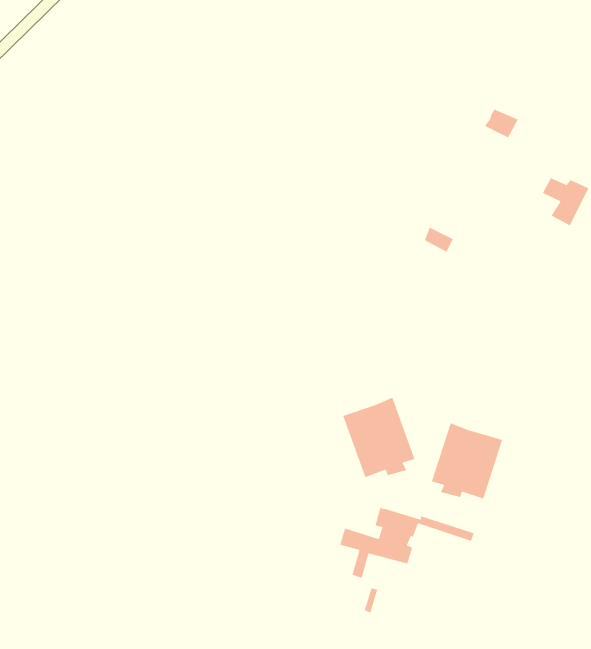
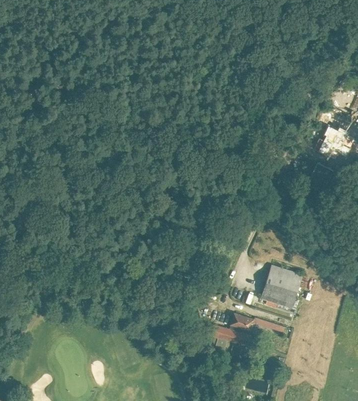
building: [342,397,415,478] -> none

